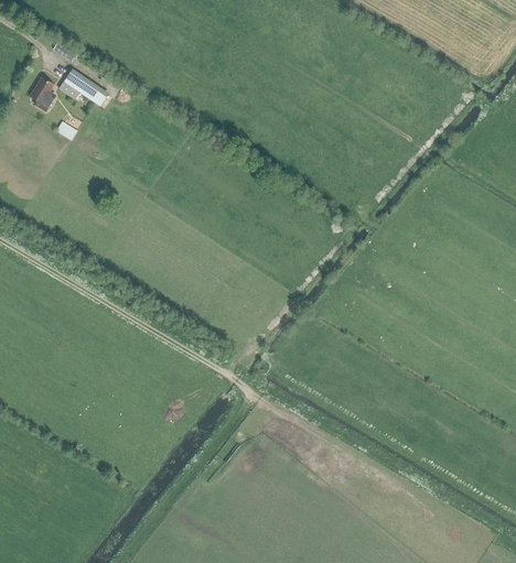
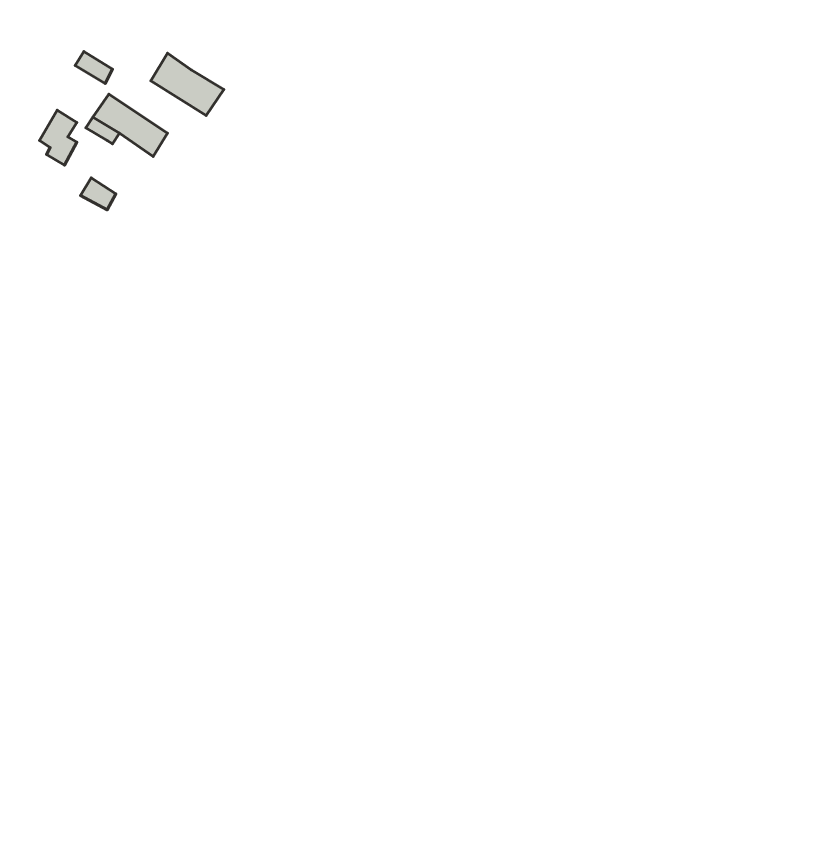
building: none -> [151,53,224,115]

